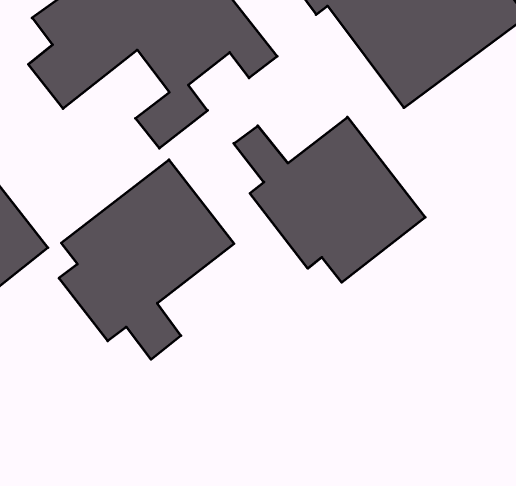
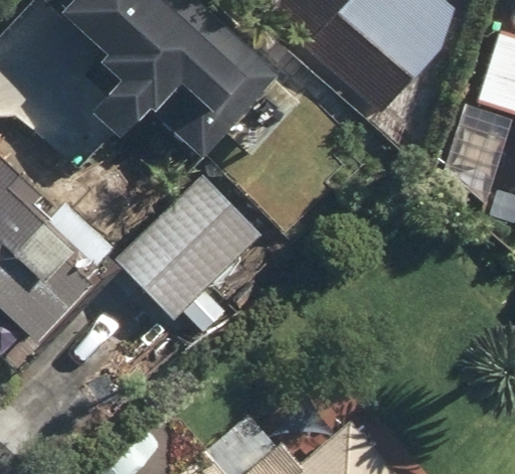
building: [234,117,425,282] -> none

